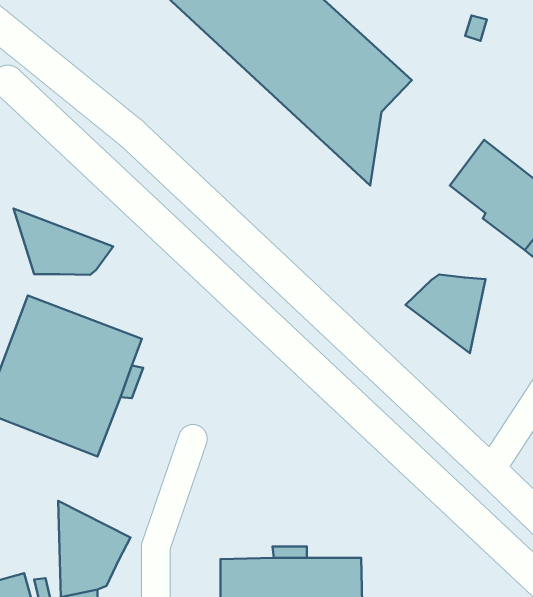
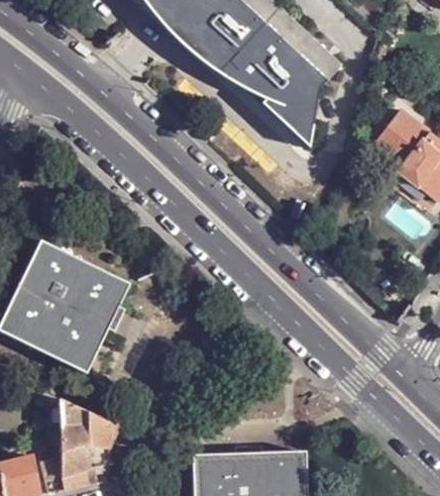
building: [13,208,113,275] -> none
building: [406,275,485,353] -> none

